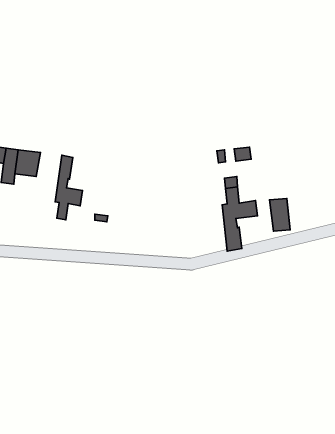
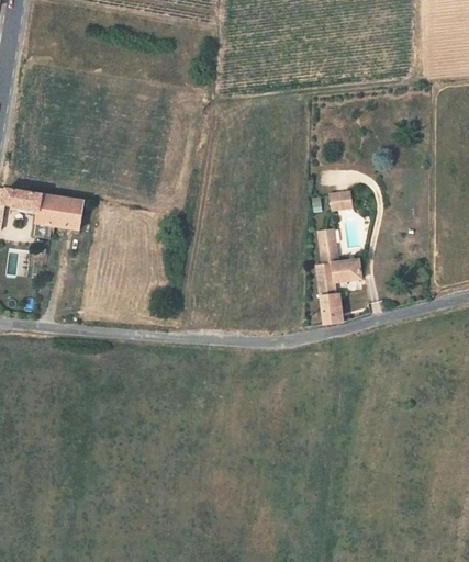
building: [55,155,83,220] -> none
building: [269,199,290,231] -> none

